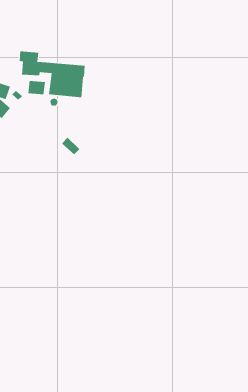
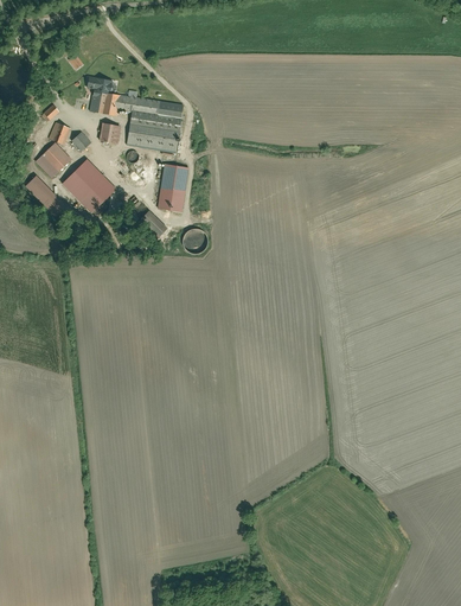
building: none -> [158,162,188,210]
building: none -> [63,164,109,210]

